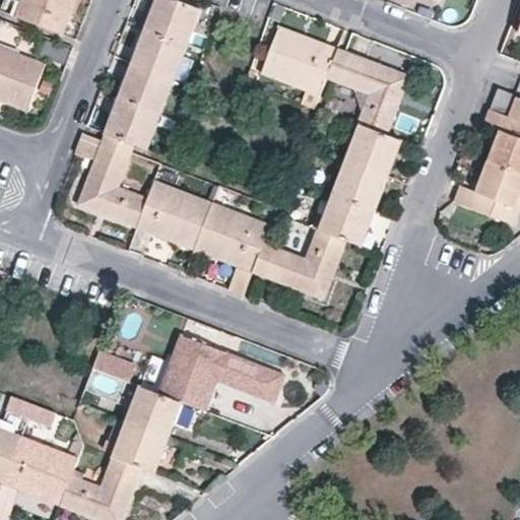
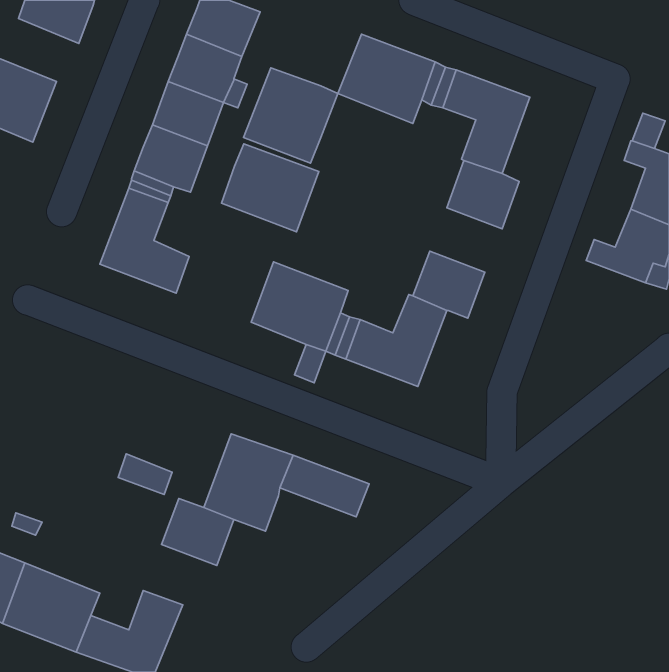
building: none -> [243,68,338,163]
building: [332,160,388,210] -> none
building: [136,181,211,249] -> [221,144,319,232]
building: [111,420,168,472] -> none

